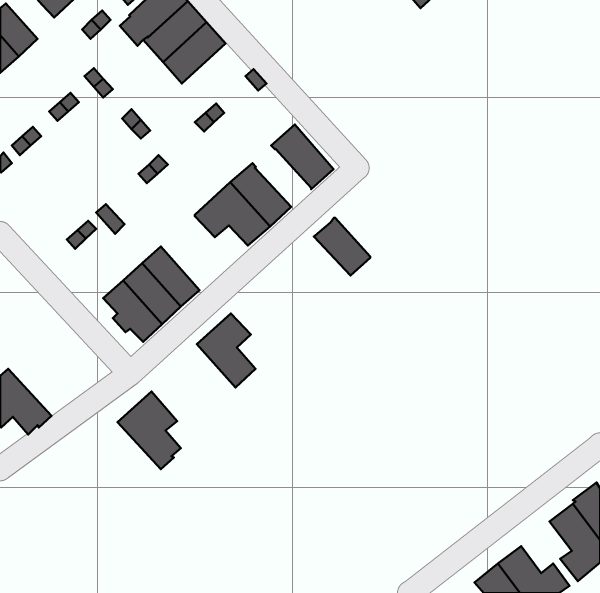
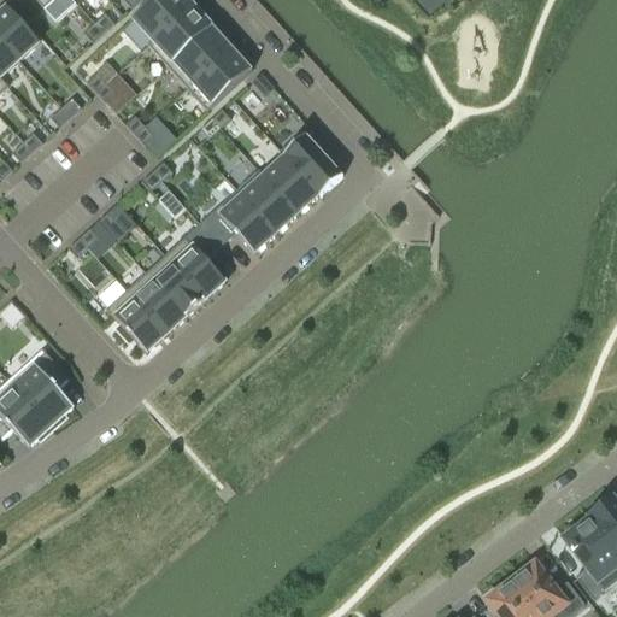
building: none -> [187,45,252,107]
building: [314,218,370,275] -> [262,153,319,212]
building: [197,314,255,387] -> [165,222,225,298]
building: [117,392,181,469] -> [8,347,74,427]

